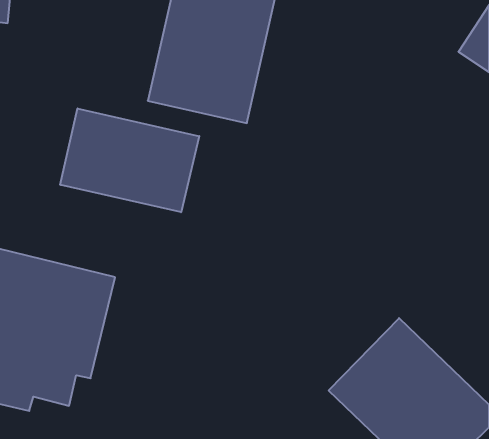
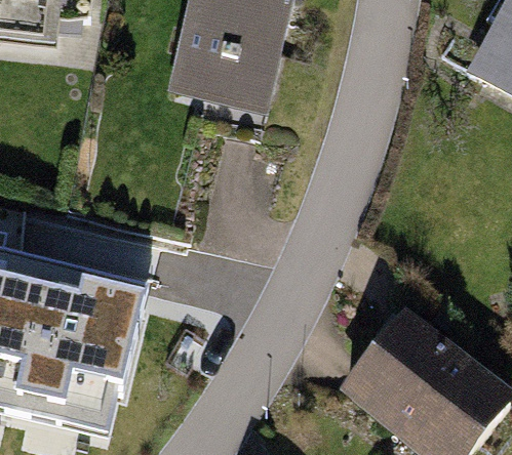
building: [60,108,199,212] -> none

